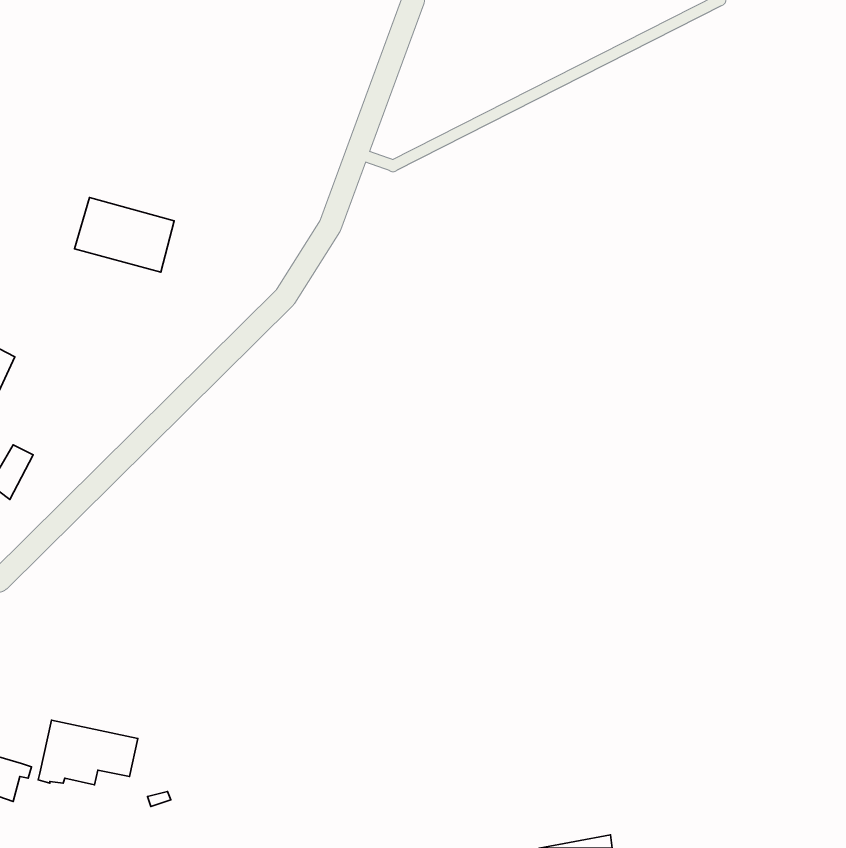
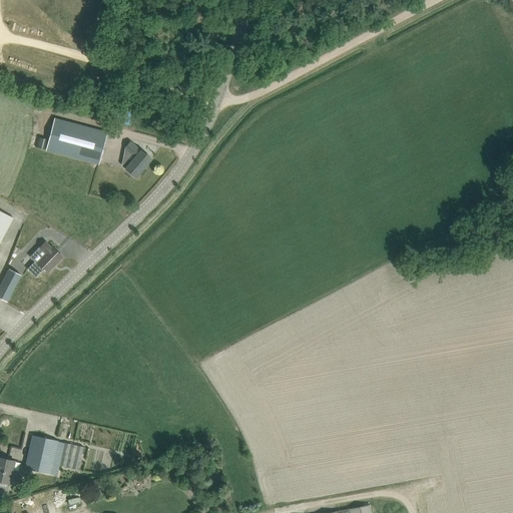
building: none -> [124,141,150,177]
building: none -> [27,241,61,277]

